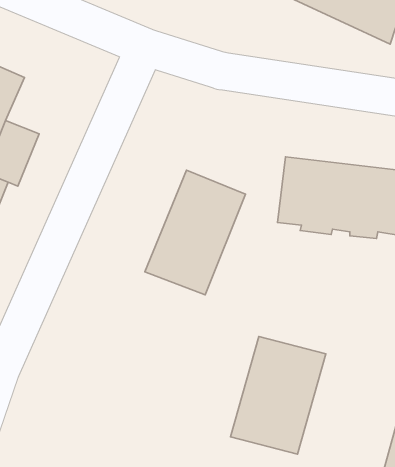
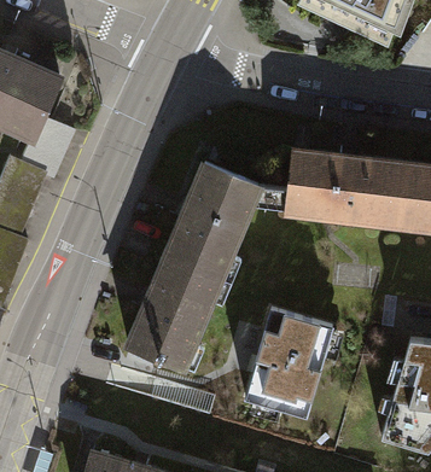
building: none -> [129,252,222,369]

